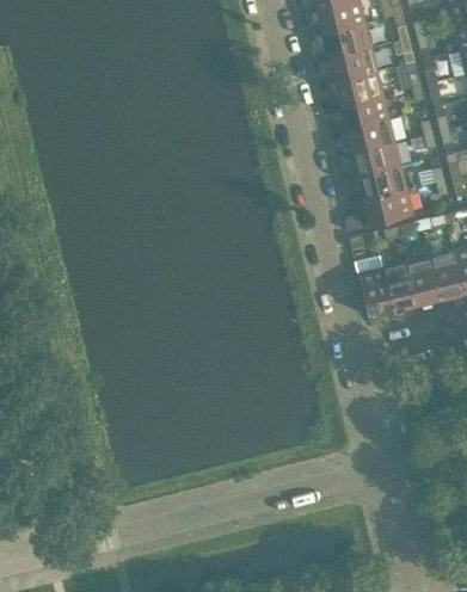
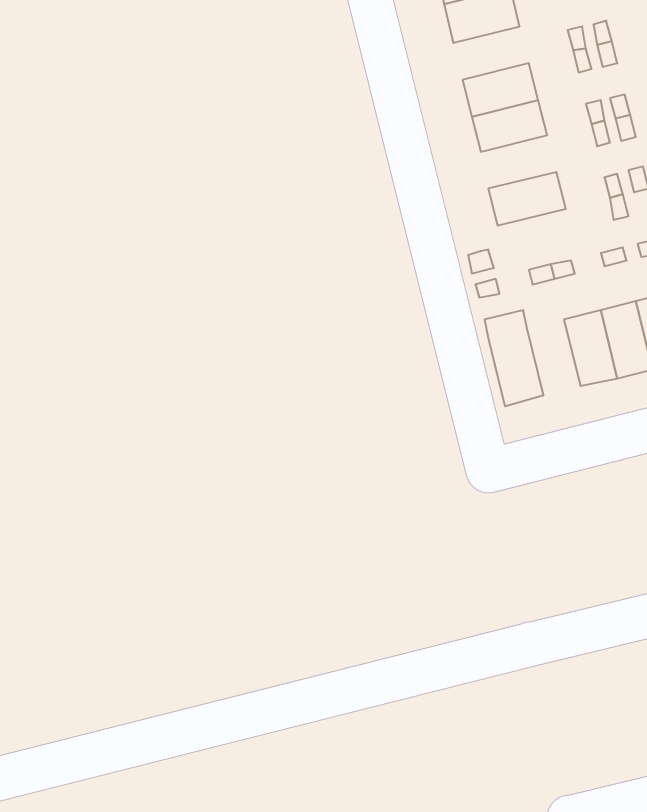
building: [336,72,385,106] -> none
building: [354,142,403,177] -> none
building: [364,190,414,226] -> none
building: [383,261,418,310] -> none

